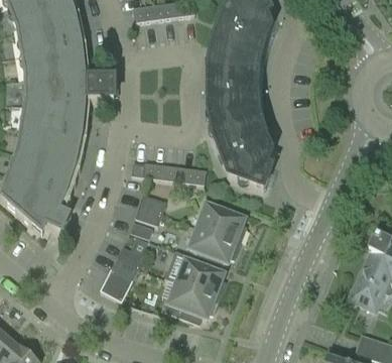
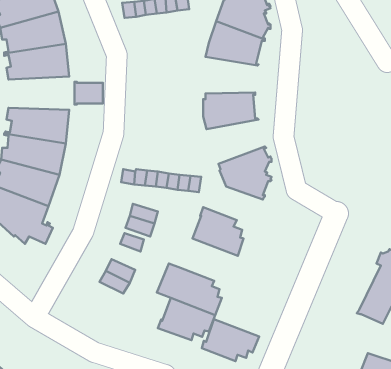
building: [209,56,259,91] -> none
building: [27,75,84,106] -> none
building: [212,115,266,156] -> none
building: [187,226,241,265] -> [202,319,259,361]
building: [101,266,134,299] -> none

